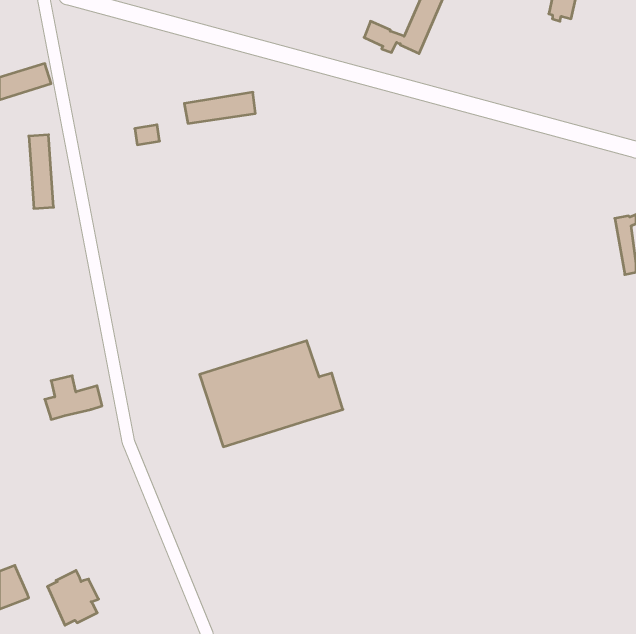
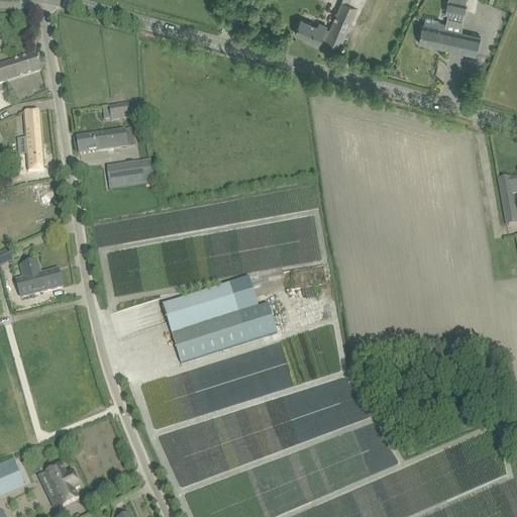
building: none -> [418,14,480,53]
building: [184,92,255,123] -> [76,126,133,151]
building: none -> [107,158,154,188]
building: [45,376,102,419] -> [15,260,62,295]

